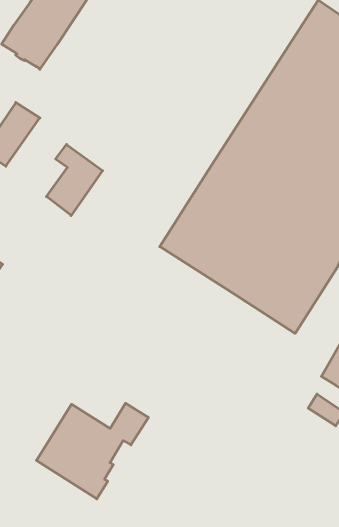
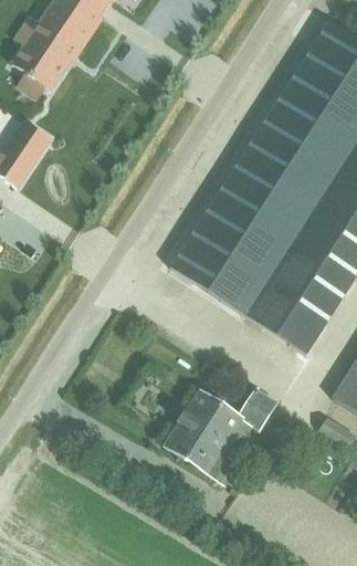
building: [46,144,103,216] -> none
building: [36,403,148,499] -> [164,387,276,483]

